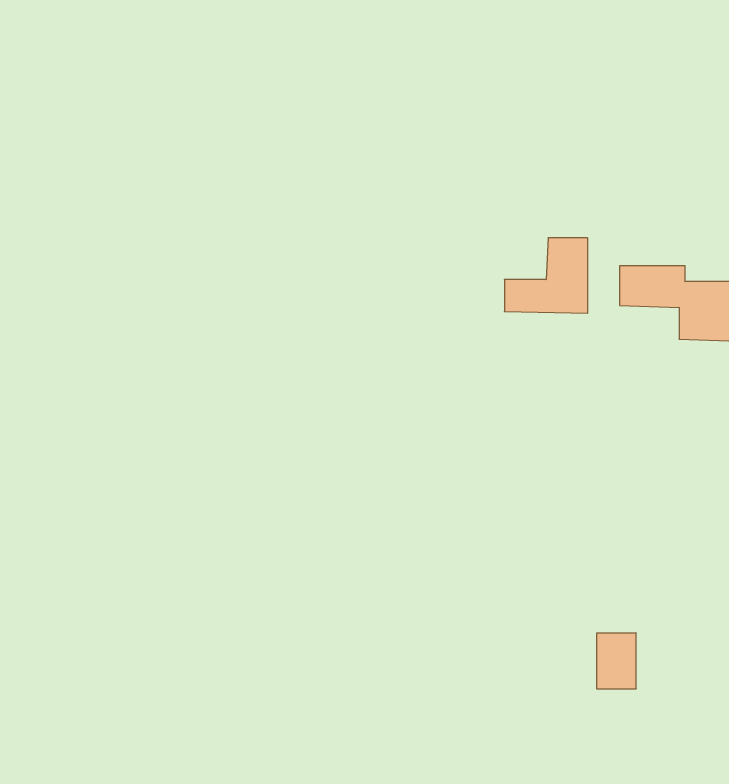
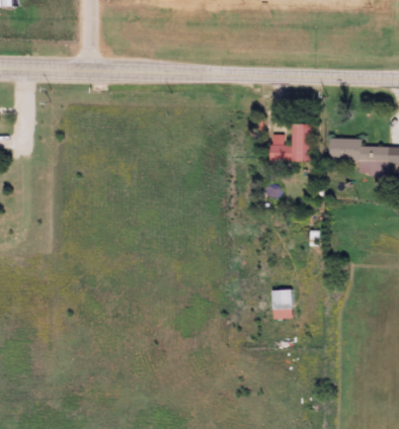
building: [597,633,636,689] -> [272,289,293,318]

